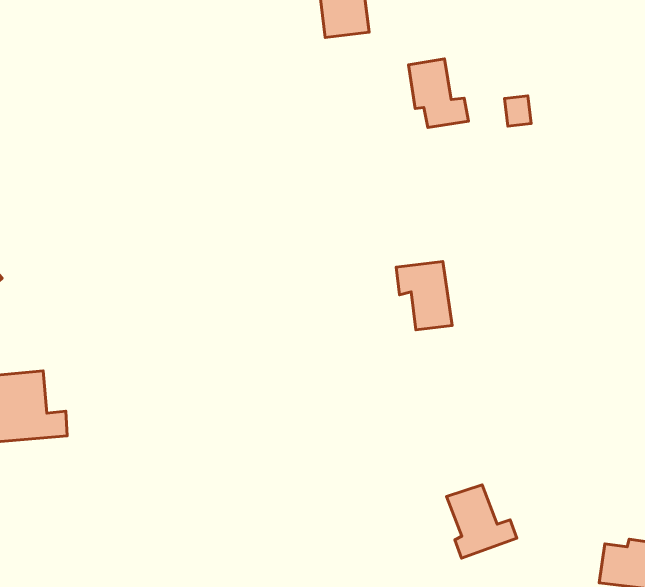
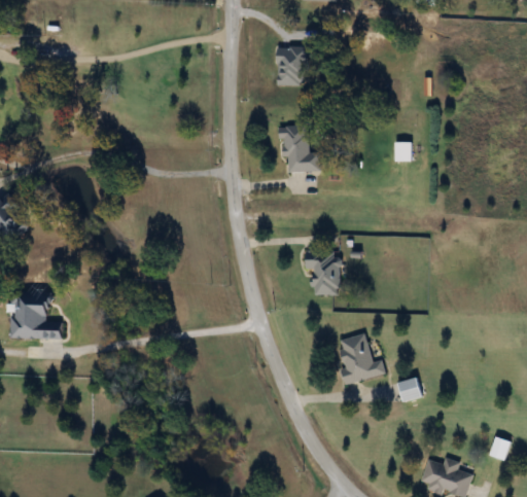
building: [408,59,469,128] -> [280,125,317,171]
building: none -> [397,377,423,402]
building: [447,485,517,558] -> [339,333,384,383]

